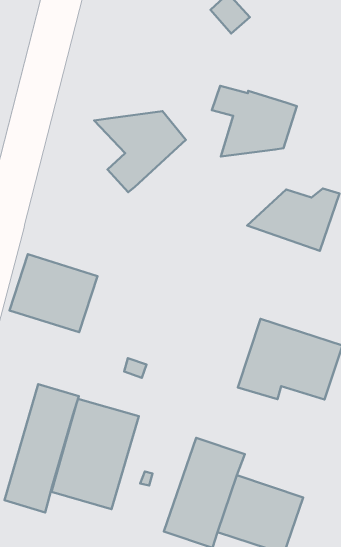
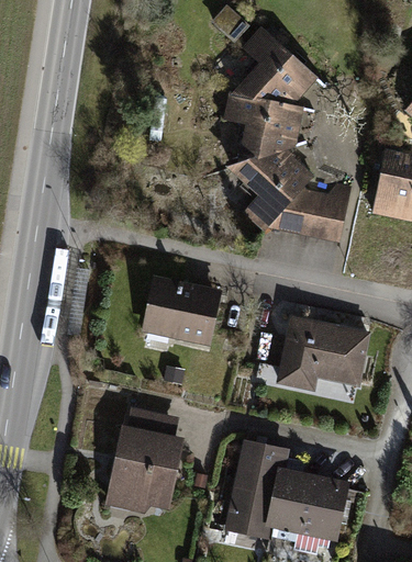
building: none -> [230,26,318,105]
building: [94,111,186,192] -> [224,151,314,233]
building: [10,254,97,332] -> [142,277,223,347]
building: [5,384,79,512] -> none

